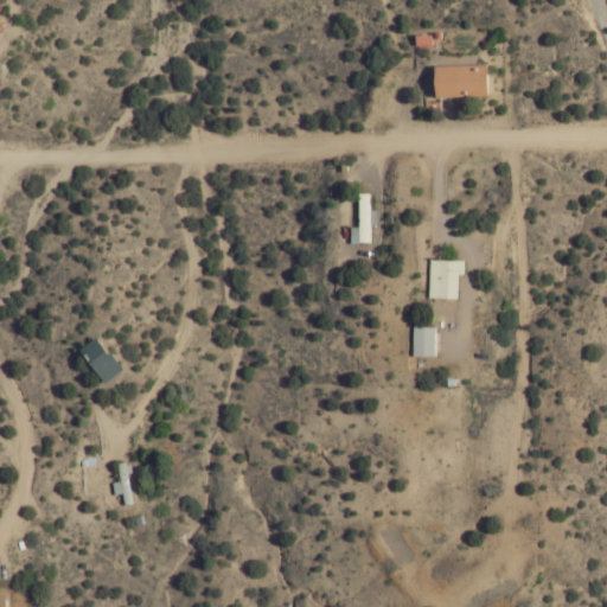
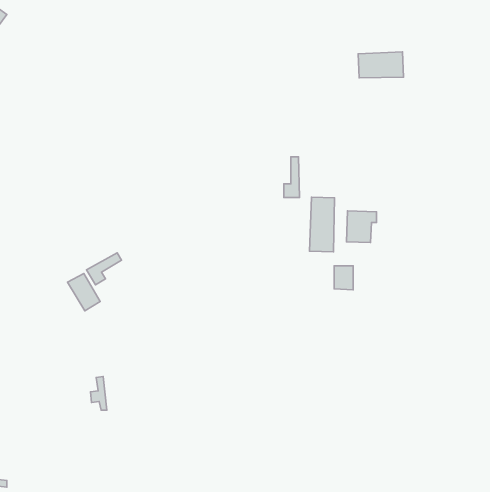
building: none -> [310,197,335,252]
building: none -> [86,253,122,285]

